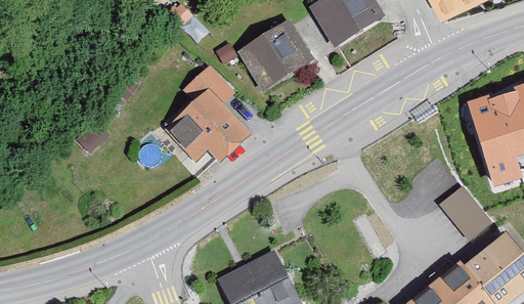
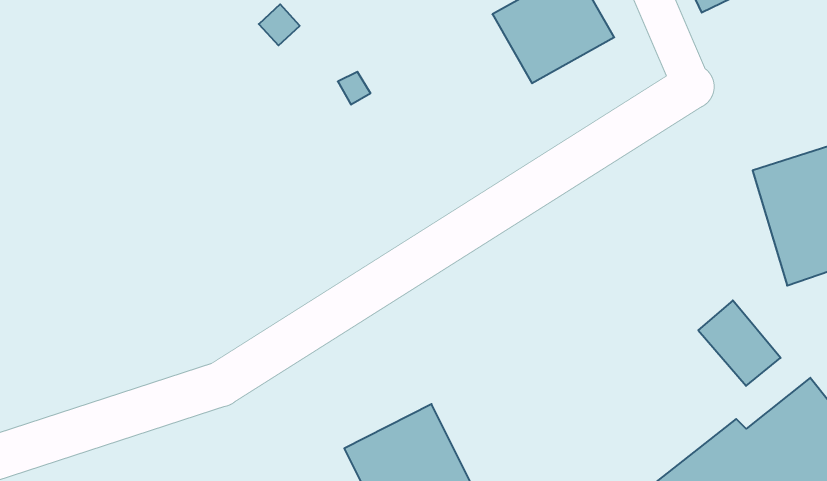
building: [236,24,314,97] -> none
building: [165,66,250,161] -> none

